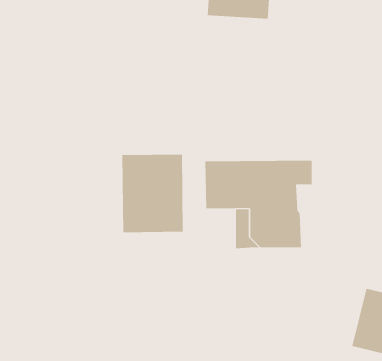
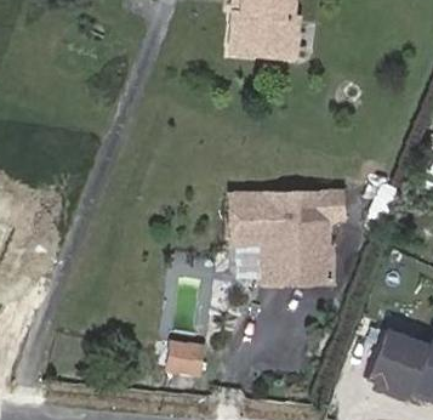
building: [122,154,183,233] -> none
building: none -> [171,339,211,374]

